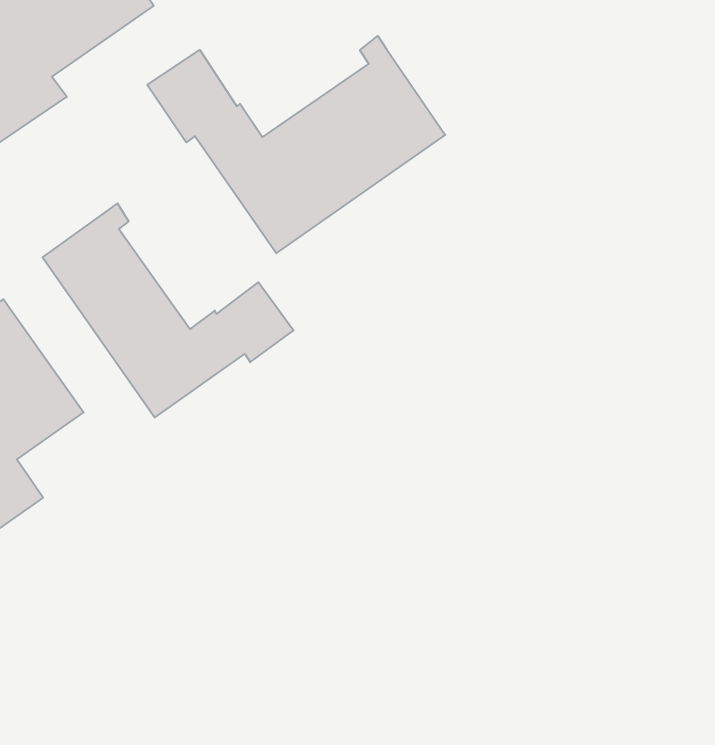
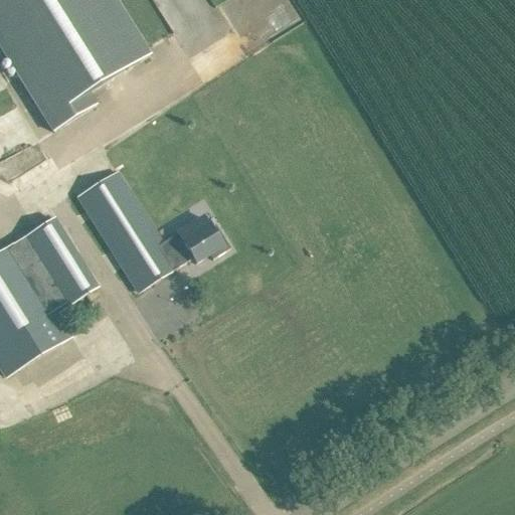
building: [147,36,445,253] -> none

